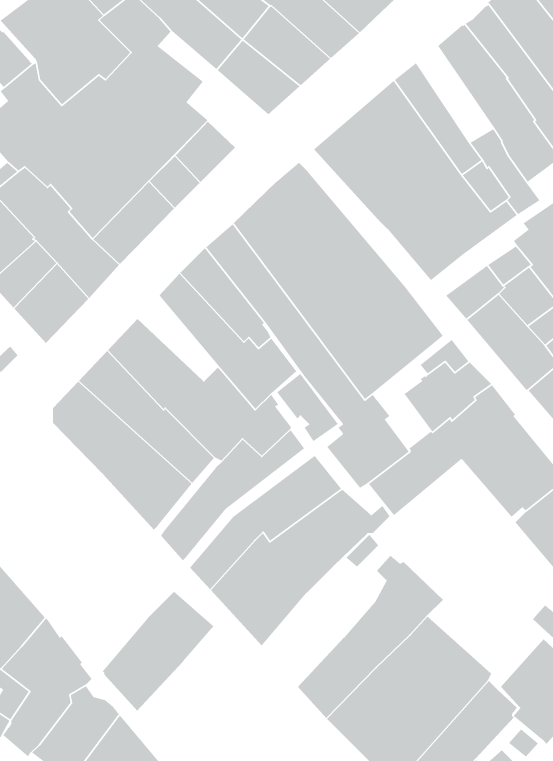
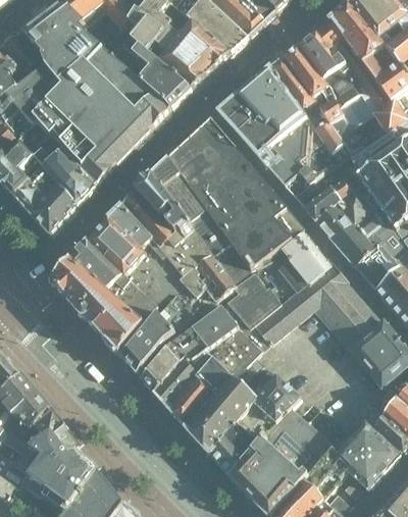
building: none -> [120,37,190,110]
building: none -> [284,45,333,107]
building: none -> [107,204,158,258]
building: [102,591,215,712] -> [186,375,257,452]

